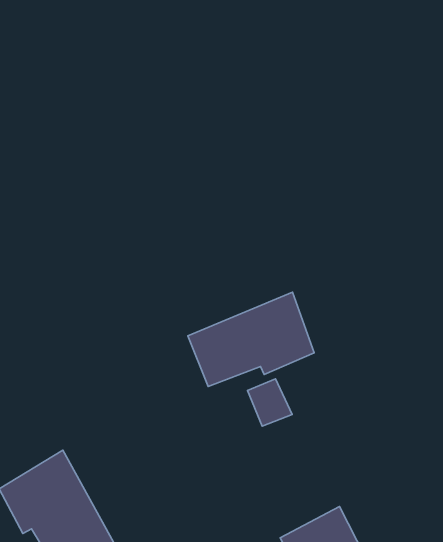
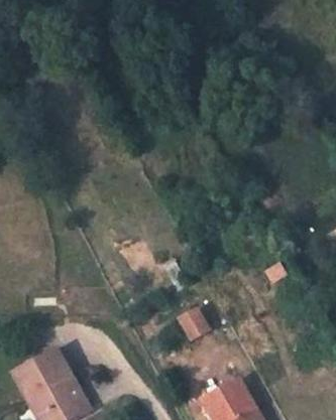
building: [188,292,314,387] -> none

